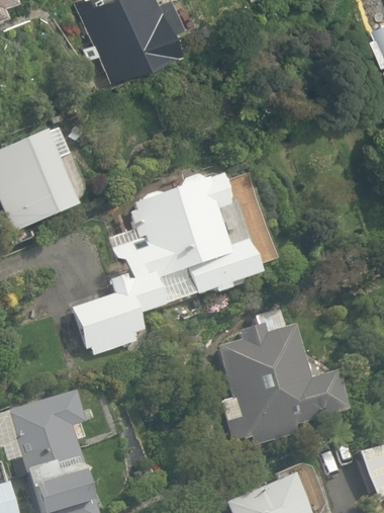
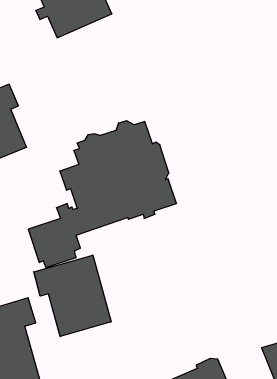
building: [222,310,345,443] -> none
building: none -> [34,255,111,337]

